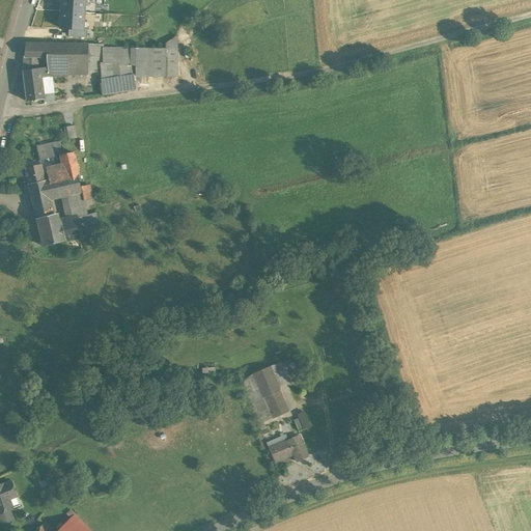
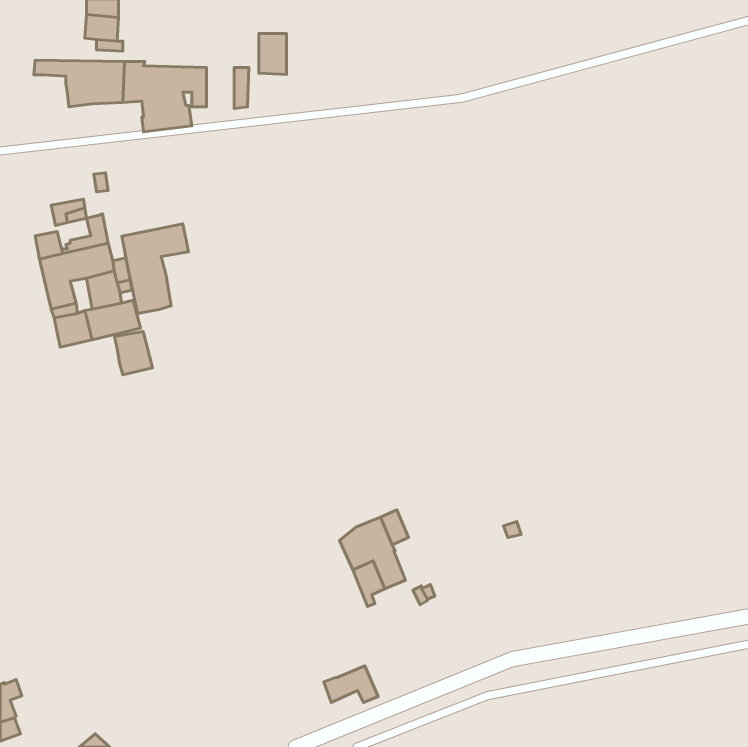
building: [146,48,166,77] -> [259,34,287,75]
building: [23,60,49,101] -> none
building: none -> [122,224,188,313]
building: none -> [115,332,152,375]
building: [269,435,307,460] -> [324,666,378,702]

